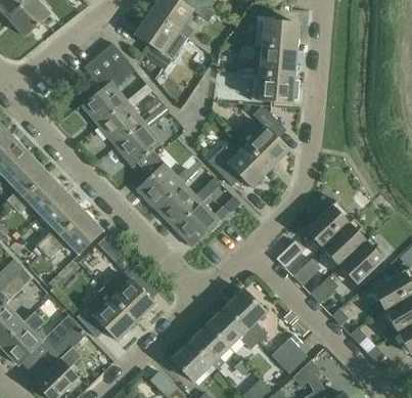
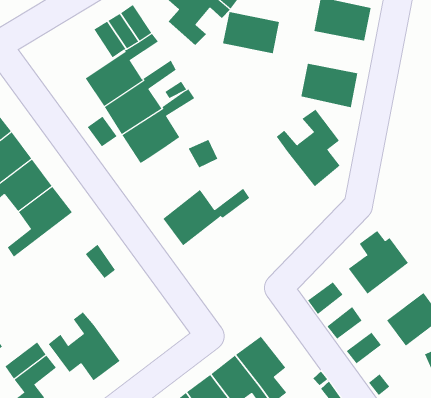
building: [254,47,296,76] -> [222,12,280,54]
building: [209,144,271,187] -> none
building: [136,150,193,208] -> none
building: [174,201,229,247] -> none
building: [43,211,103,259] -> none
building: [322,219,366,266] -> none
building: [102,263,159,322] -> none

